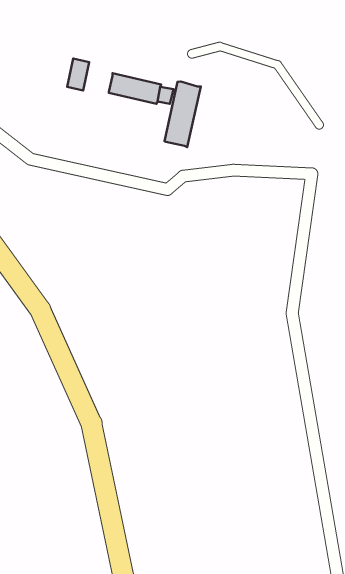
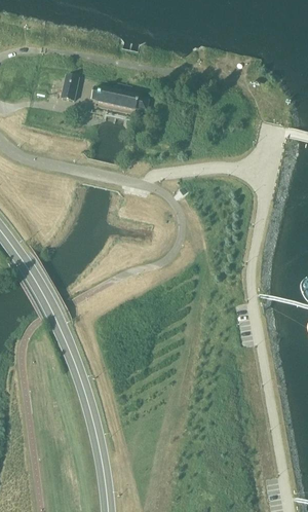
building: [164,82,201,147] -> none

